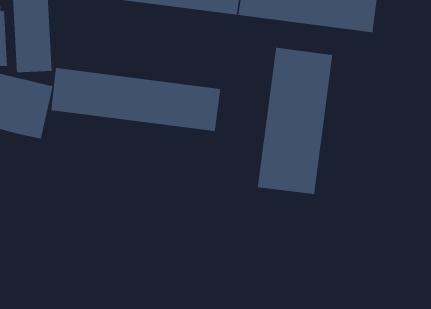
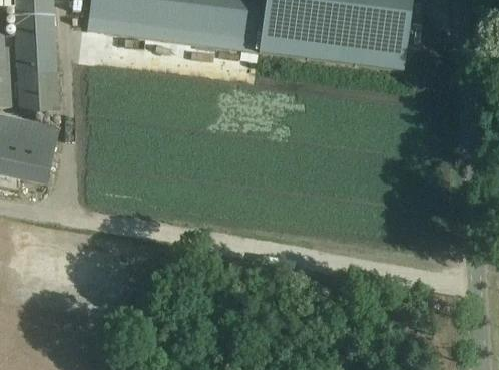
building: [257,47,333,195] -> none
building: [51,67,221,132] -> none

